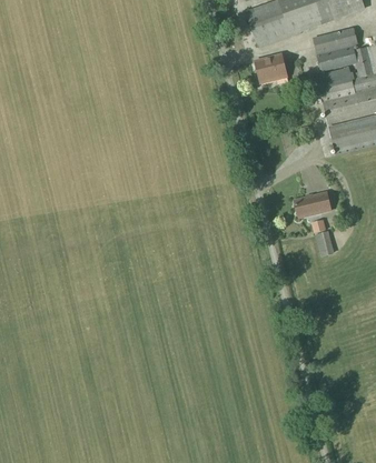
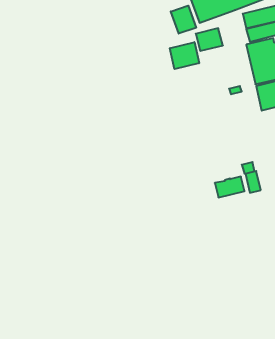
building: none -> [171,6,196,34]
building: none -> [170,42,199,69]
building: [294,192,330,218] -> [215,177,245,197]

